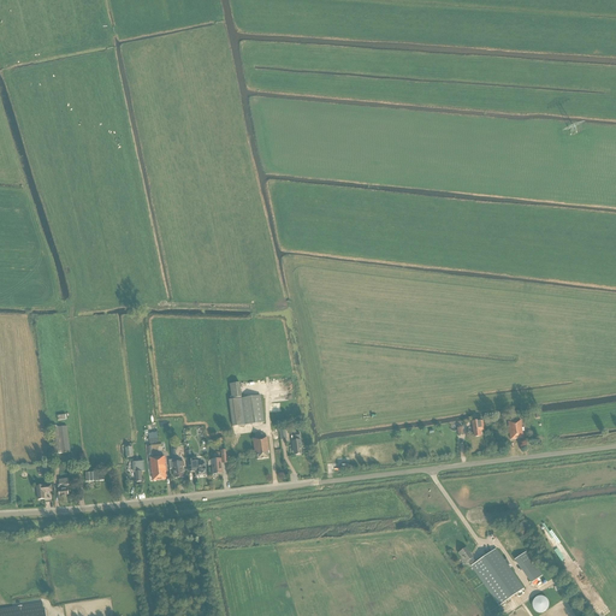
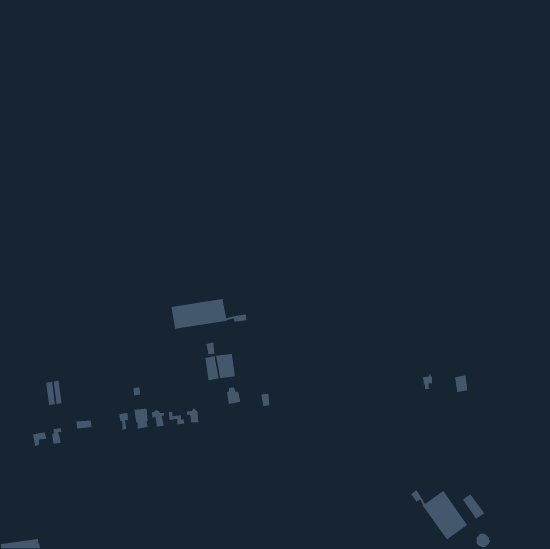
building: none -> [170,298,247,329]

